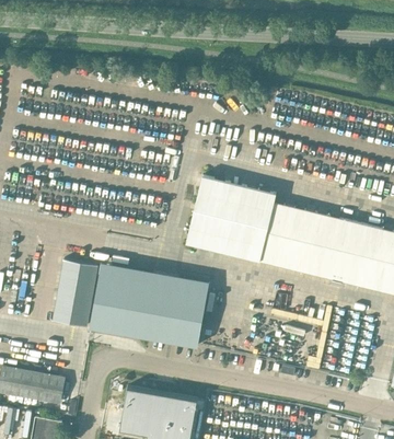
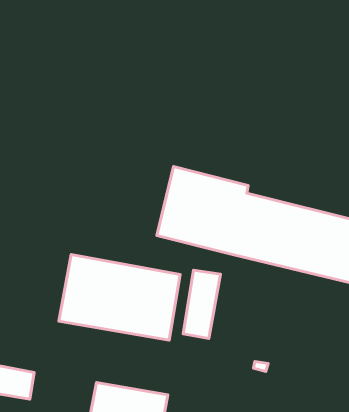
building: [54,261,97,327] -> none
building: none -> [183,270,220,338]

